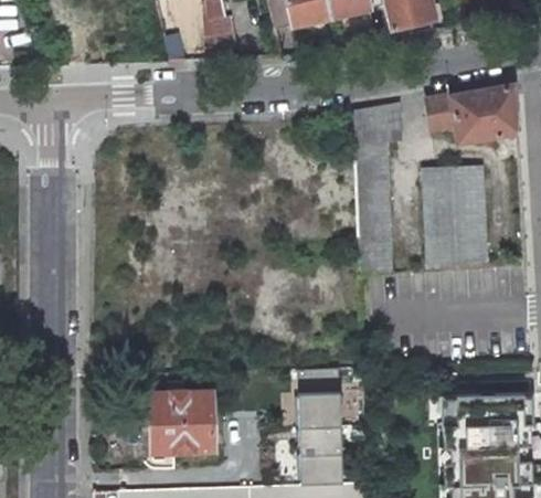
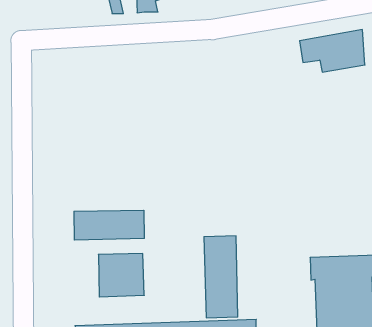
building: [353,104,402,279] -> none
building: [423,167,489,268] -> none
building: none -> [74,210,144,240]

